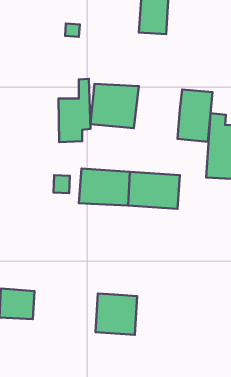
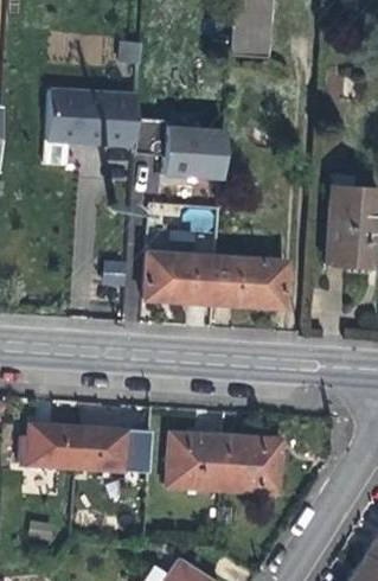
building: none -> [50,84,139,133]
building: [177,89,212,142] -> none
building: none -> [77,427,153,472]
building: none -> [224,434,283,493]

